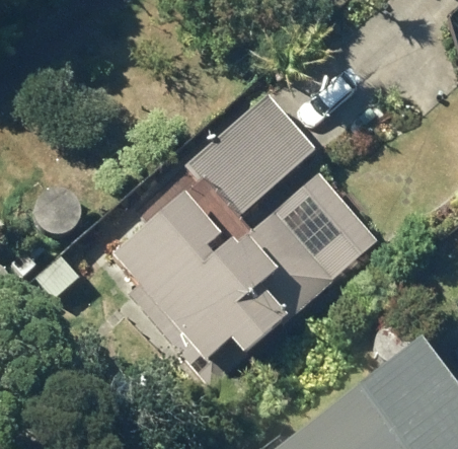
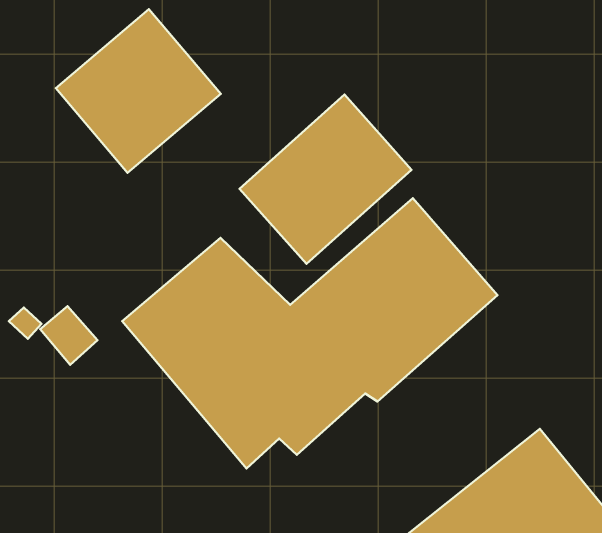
building: none -> [56,9,221,173]

